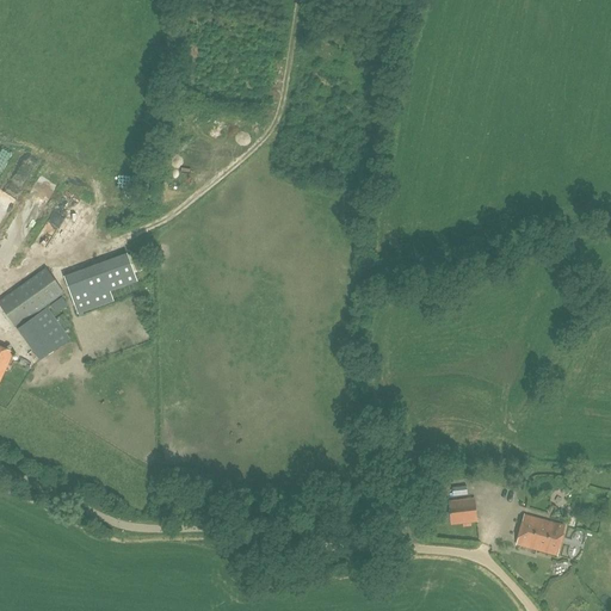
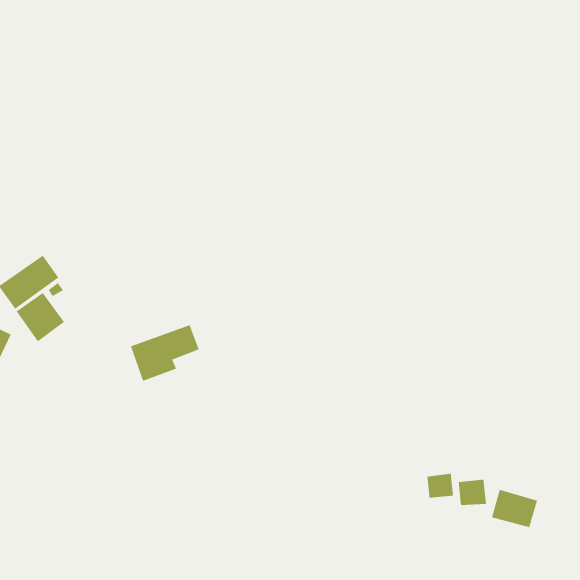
building: [63,253,136,313] -> [130,324,199,381]
building: none -> [458,479,486,506]

